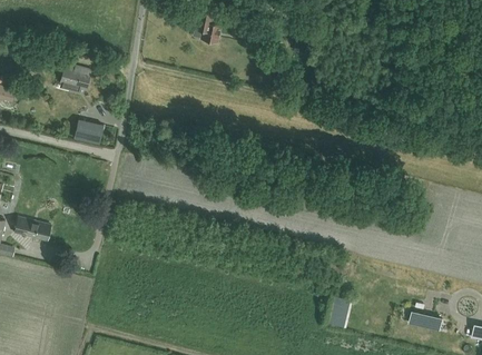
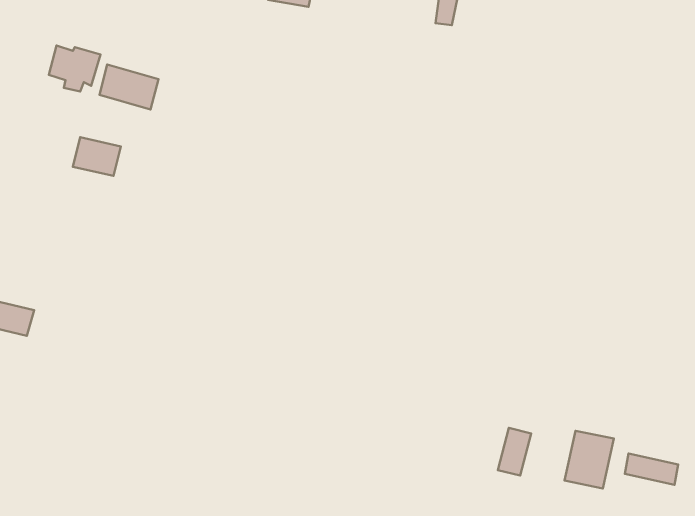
building: none -> [99,65,158,110]
building: none -> [565,431,614,488]

